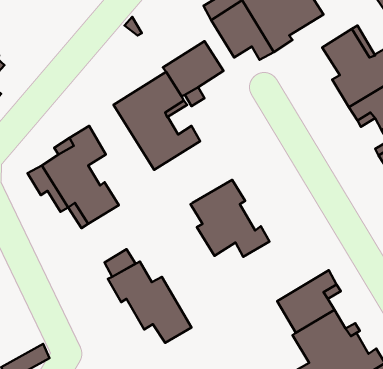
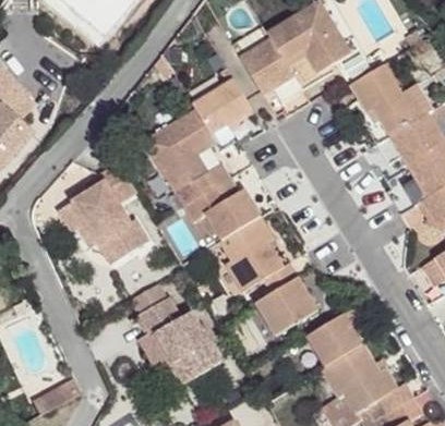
building: none -> [183,178,261,239]
building: none -> [255,277,317,334]
building: none -> [137,332,194,386]

